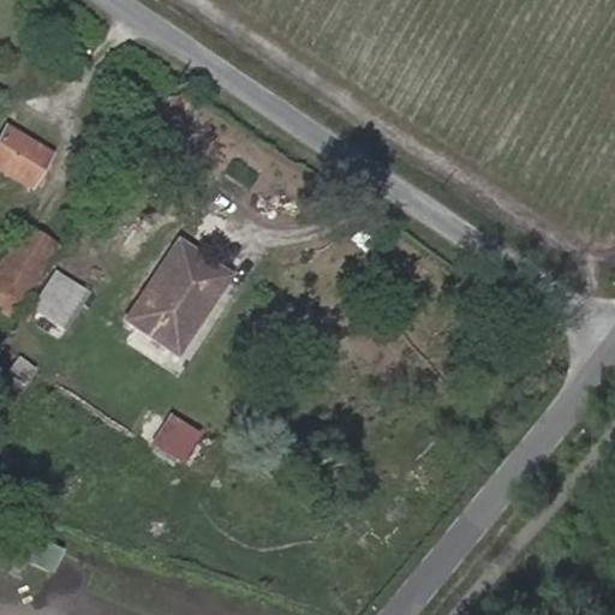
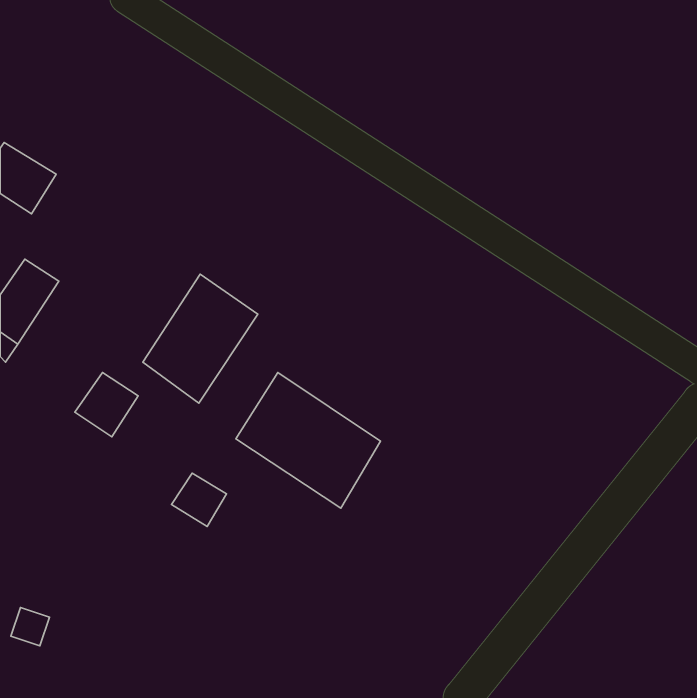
building: [34,271,89,328] -> [75,372,138,437]
building: none -> [236,373,381,508]

